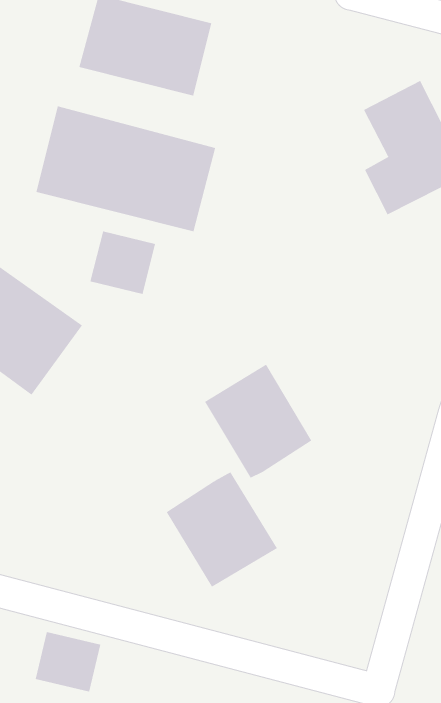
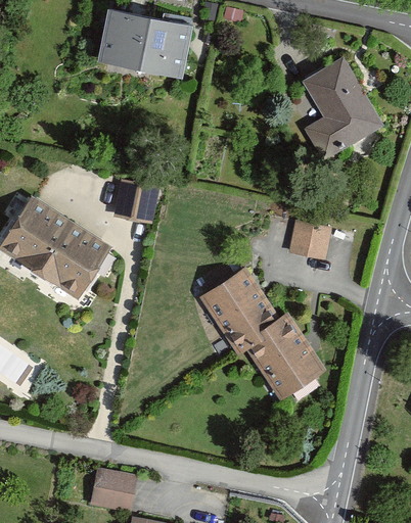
building: [36,106,216,232] -> none
building: none -> [290,222,329,257]
building: [166,471,278,587] -> [245,314,327,397]

